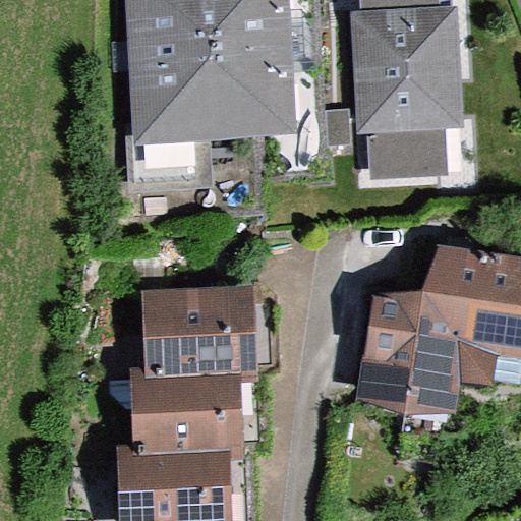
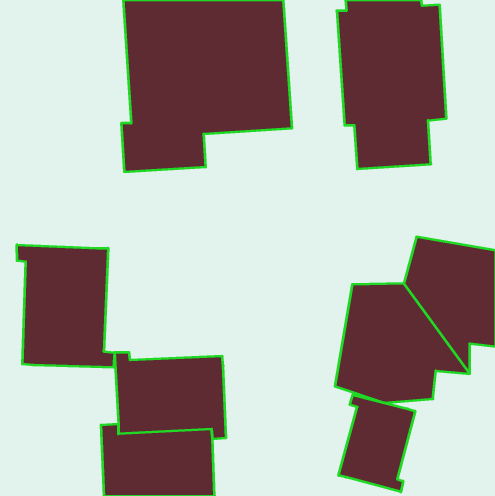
building: none -> [17,245,115,367]
building: [132,284,252,384] -> none
building: none -> [339,395,415,492]

